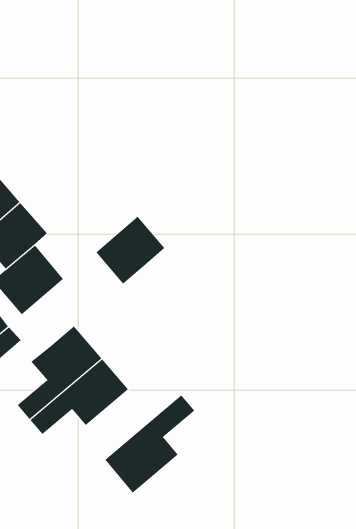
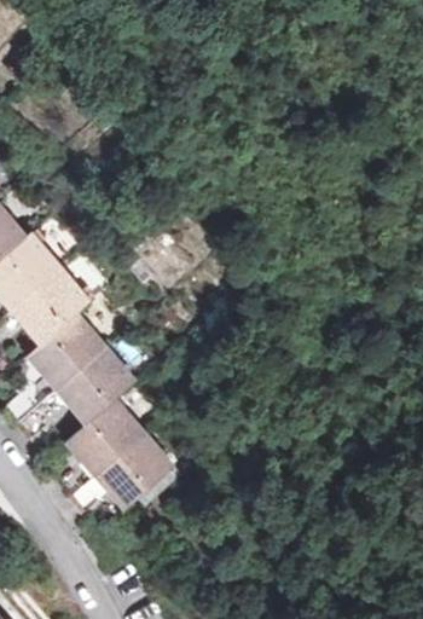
building: [96,216,165,284] -> [60,348,134,421]
building: [104,395,195,493] -> none

